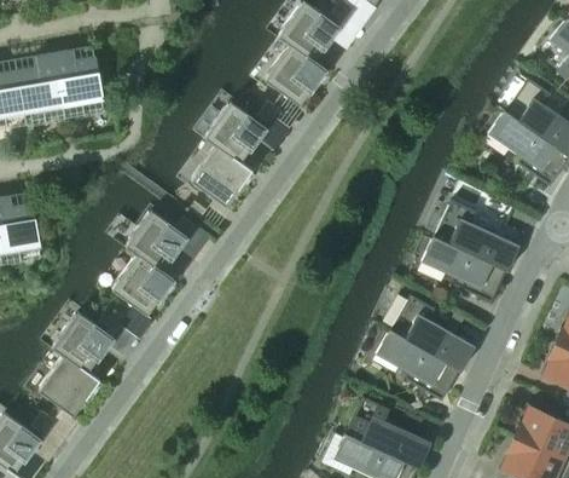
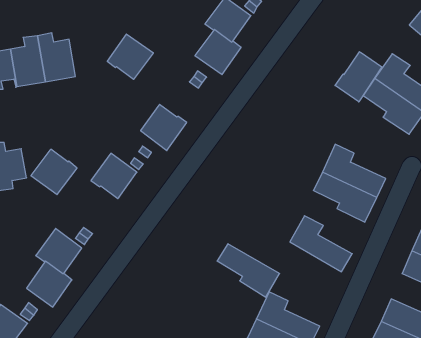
building: none -> [335,52,382,102]
building: [205,102,267,162] -> [107,34,153,79]
building: [112,254,174,315] -> [31,149,77,195]
building: [377,329,460,401] -> [217,244,280,297]

